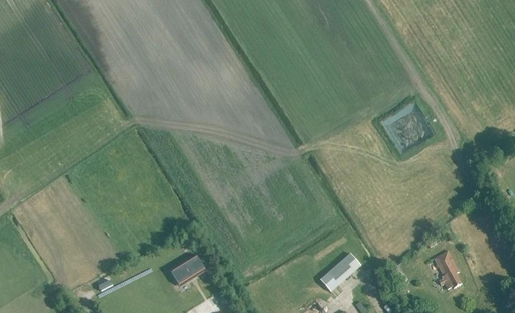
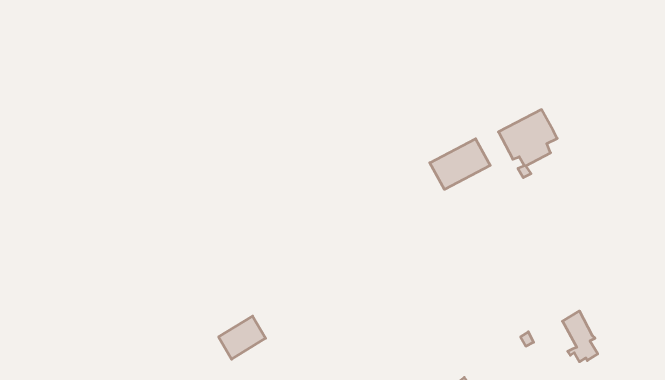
building: none -> [430,139,490,189]
building: [319,252,360,291] -> none

